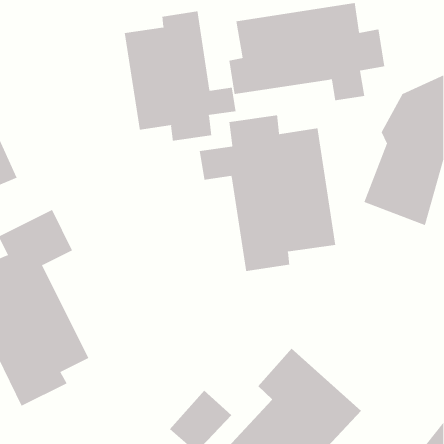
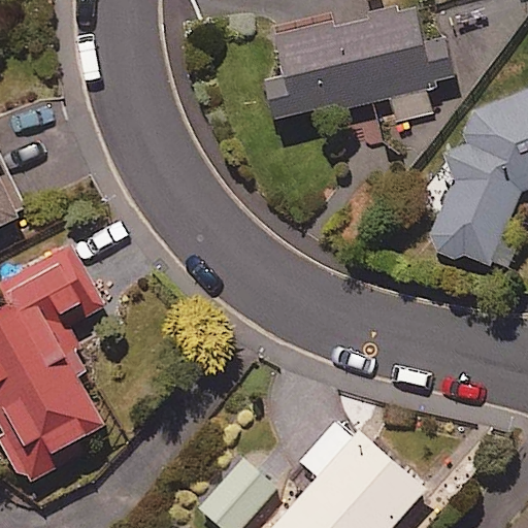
building: [124,11,236,142] -> none
building: [199,114,336,272] -> none

